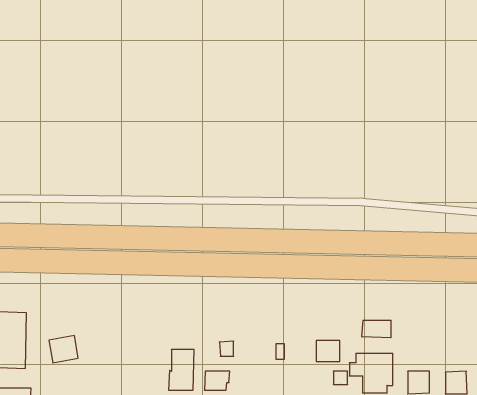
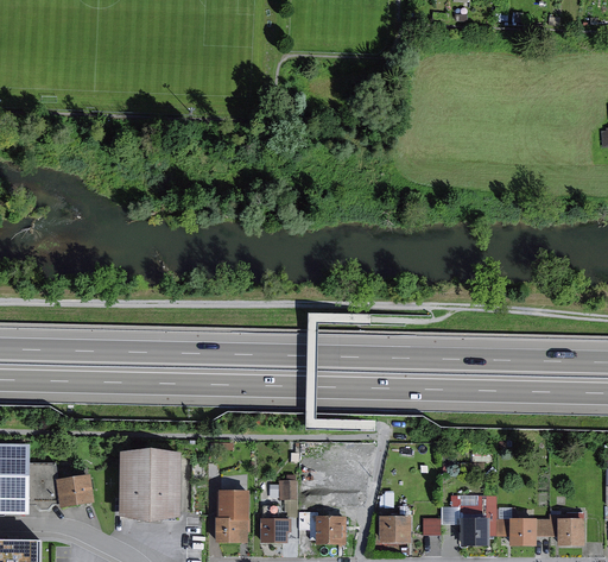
building: none -> [118,449,180,514]
building: [362,320,391,338] -> none
building: [316,341,340,361] -> [379,517,408,543]
building: none -> [297,512,344,542]

